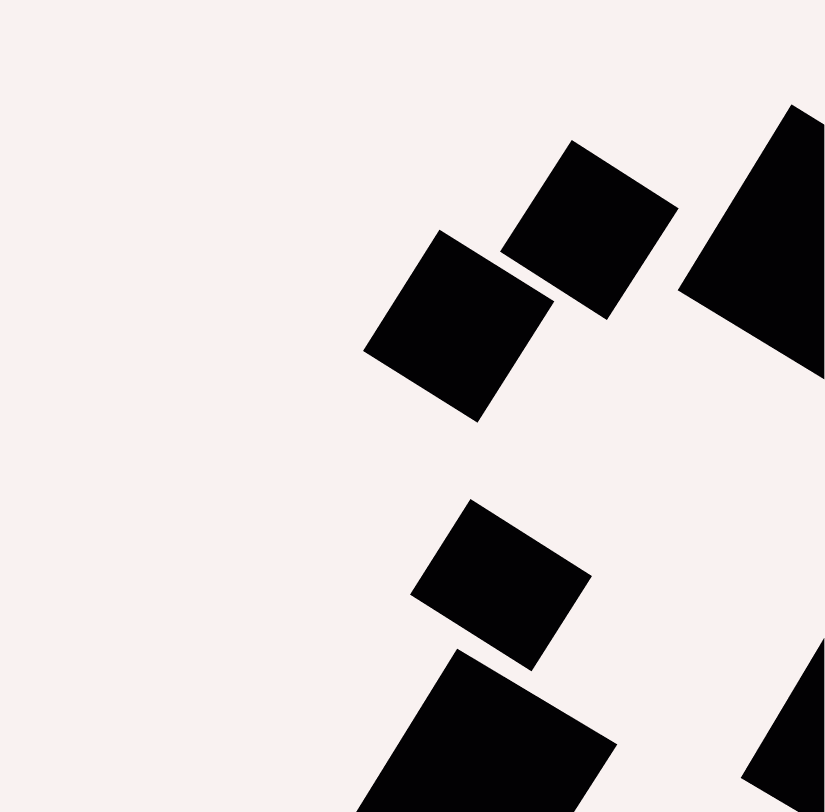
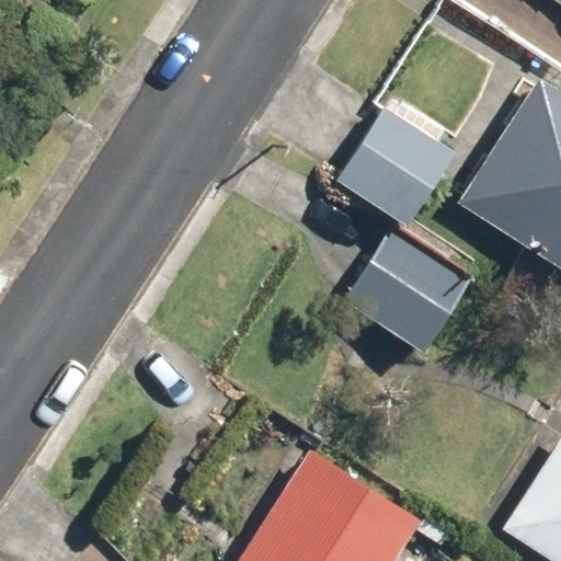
building: [362,229,555,424] -> [344,222,476,355]
building: [409,498,593,673] -> none

